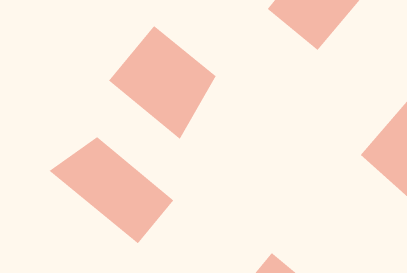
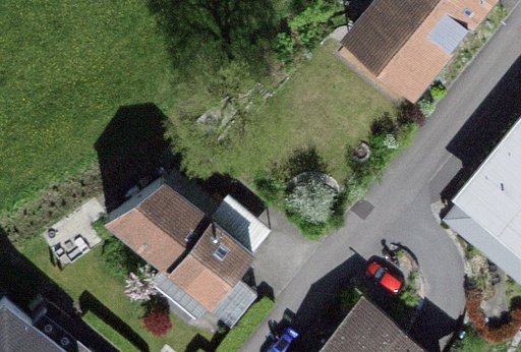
building: [108,25,217,140] -> none

